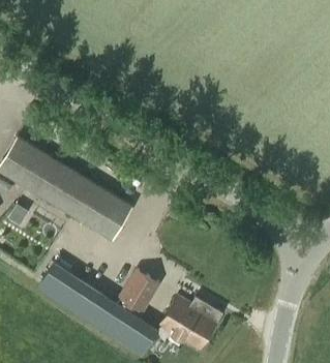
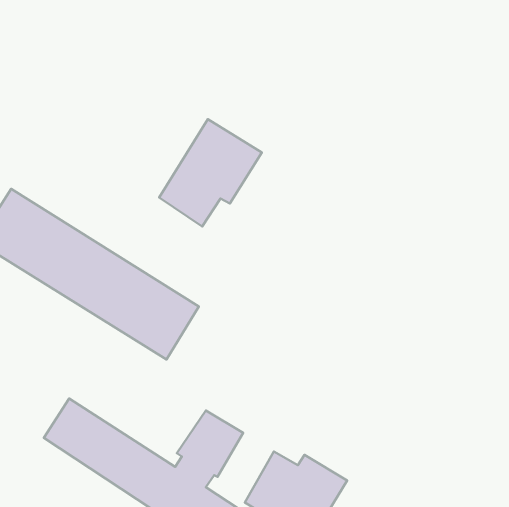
building: none -> [159,119,262,226]

